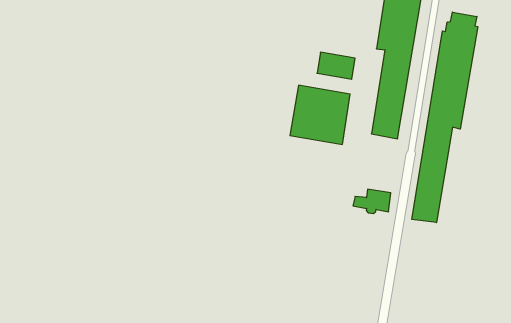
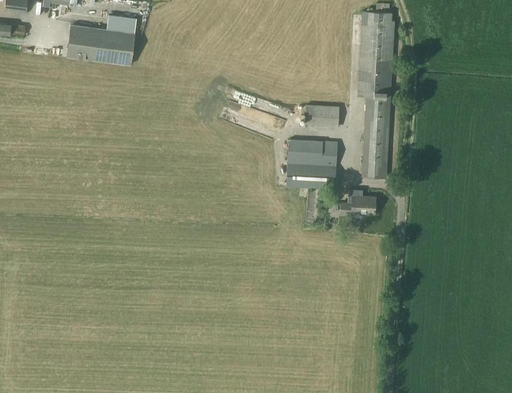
building: [412,12,478,223] -> none
building: [353,189,391,213] -> [340,195,374,217]

